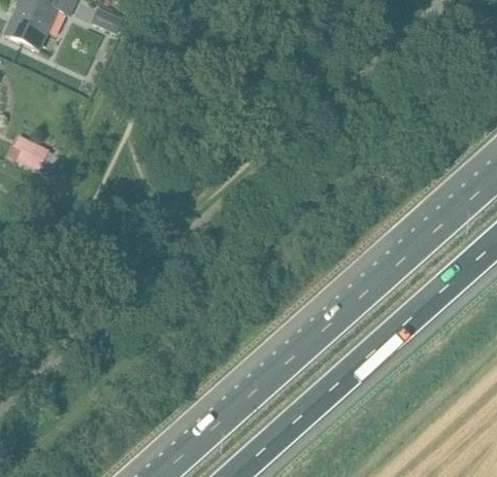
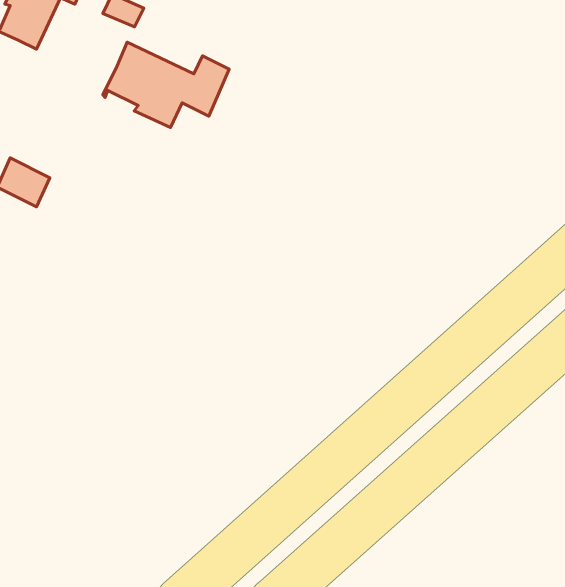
building: none -> [103,42,229,128]

